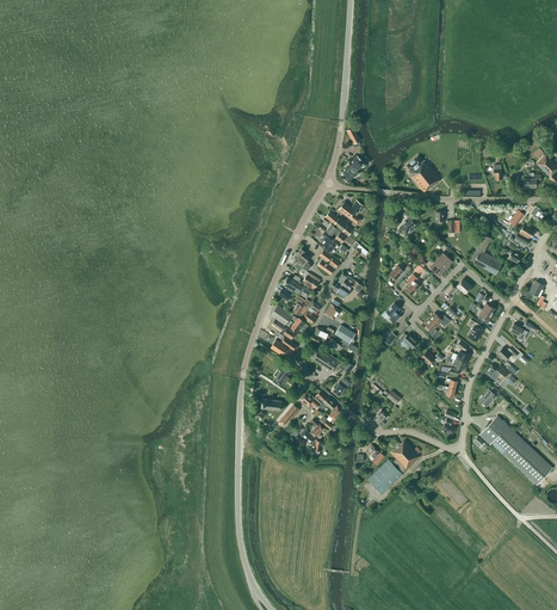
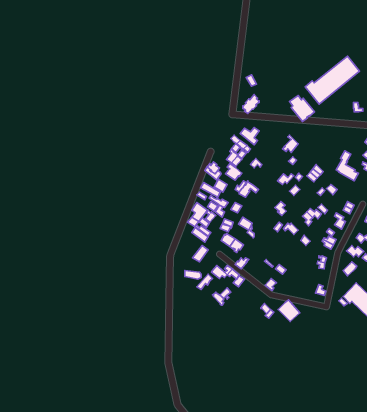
building: none -> [305,56,359,104]
building: [367,460,402,493] -> none

